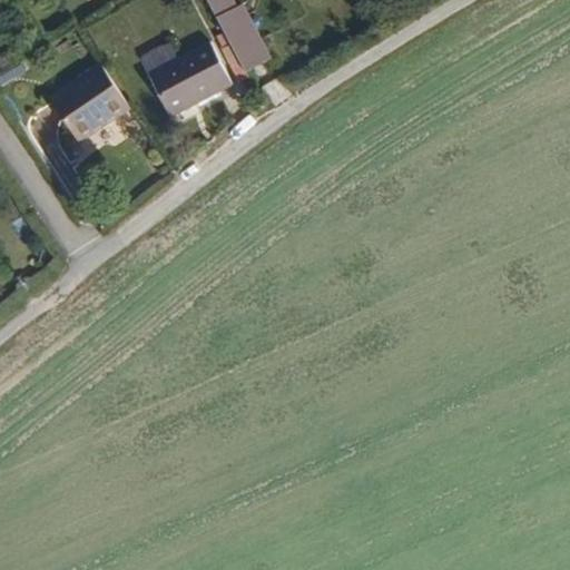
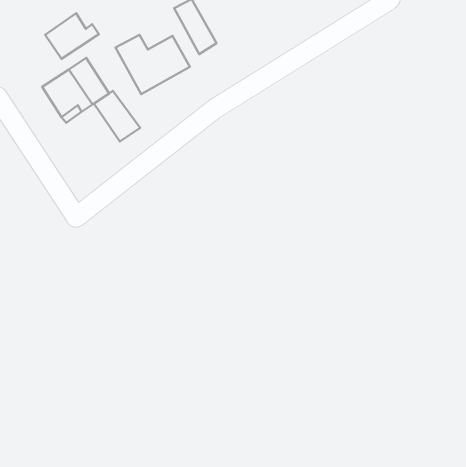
building: none -> [45,13,99,59]
building: none -> [94,91,140,142]

